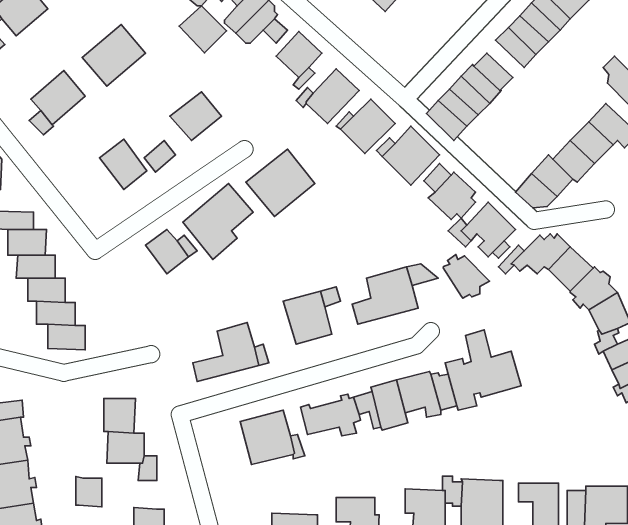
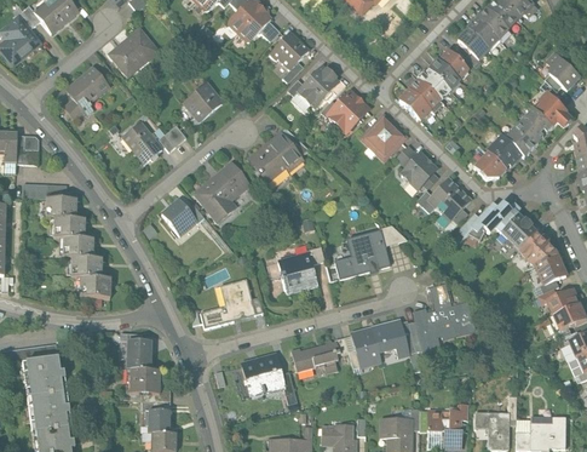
building: [179,6,227,53] -> none
building: [443,255,490,298] -> none
building: [76,477,102,507] -> [148,410,169,435]

